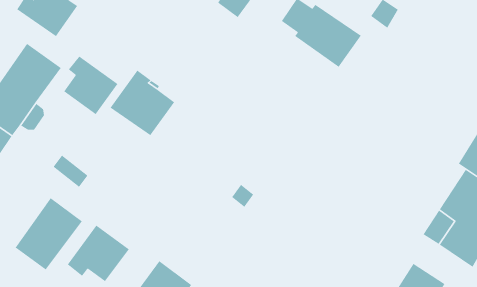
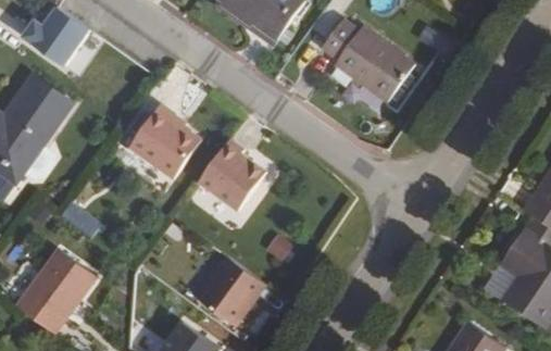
building: [63,55,118,115] -> none
building: none -> [193,136,265,214]
building: none -> [195,255,264,325]
building: [67,224,130,282] -> none

